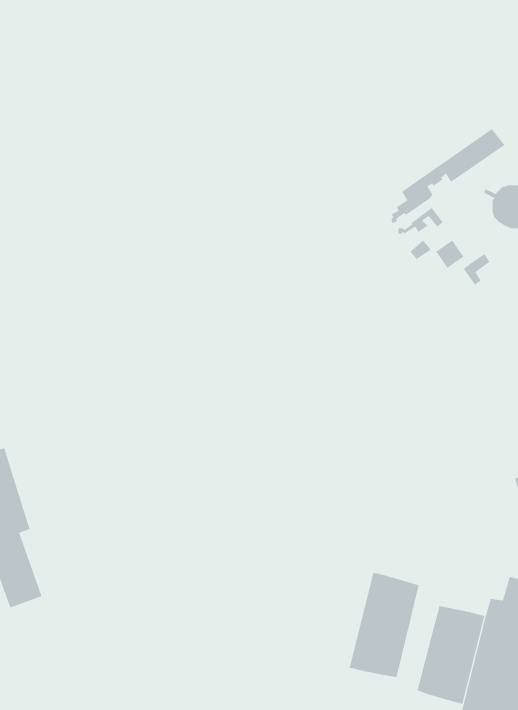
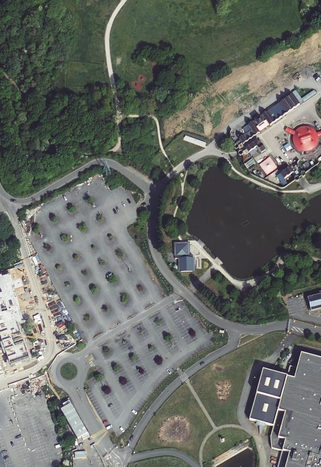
building: none -> [173,241,195,272]
building: [349,572,420,678] -> none

